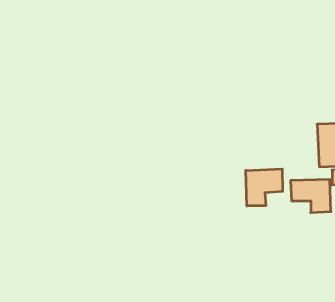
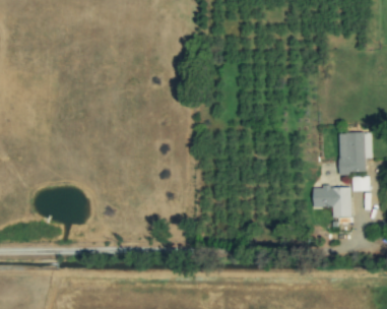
building: [246,169,283,206] -> none

